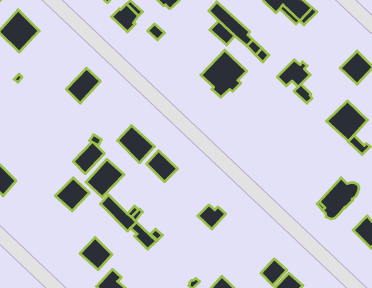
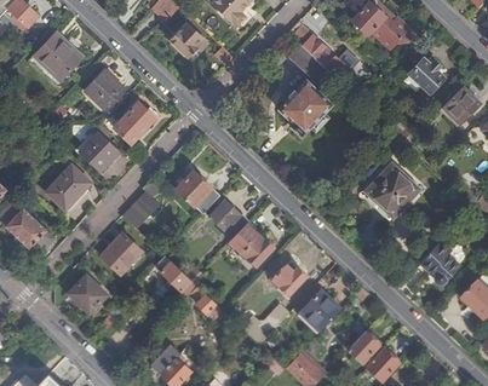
building: none -> [86,69,122,106]
building: [277,60,310,87] -> [402,58,442,91]
building: none -> [79,132,117,169]
building: [326,101,368,141] -> [366,167,415,215]
building: none -> [45,163,90,208]
building: [86,159,124,197] -> none
building: none -> [230,225,274,266]
building: none -> [299,292,340,332]
building: [80,237,112,270] -> [68,273,107,312]

